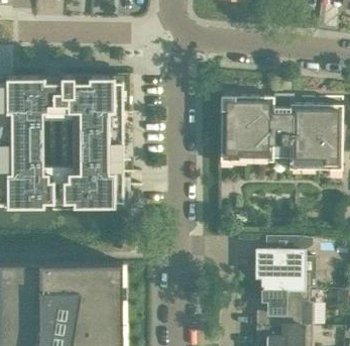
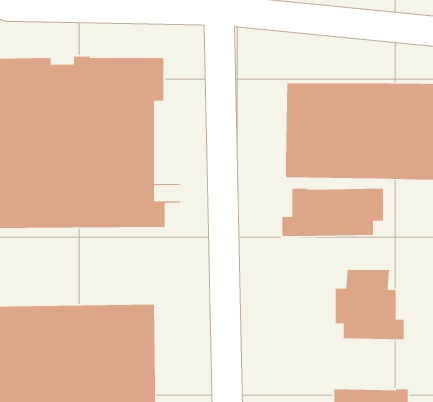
building: none -> [282,188,384,237]
building: [256,289,310,327] -> none

